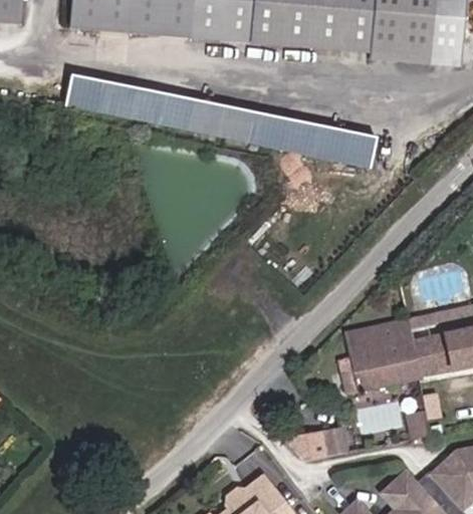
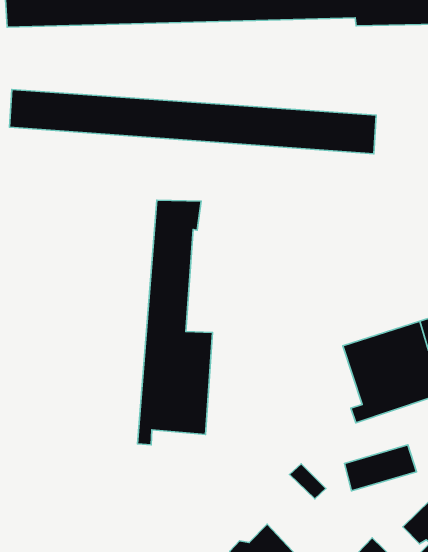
building: none -> [138,200,213,445]

